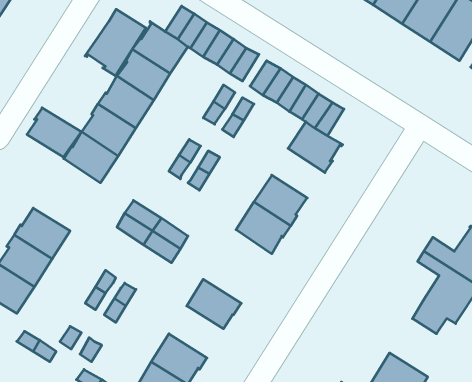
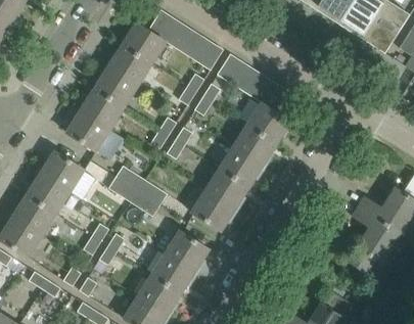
building: [85,9,146,76] -> none
building: [27,108,81,157] -> [42,150,86,190]
building: none -> [234,124,277,164]
building: none -> [191,189,234,230]
building: none -> [151,250,195,292]

